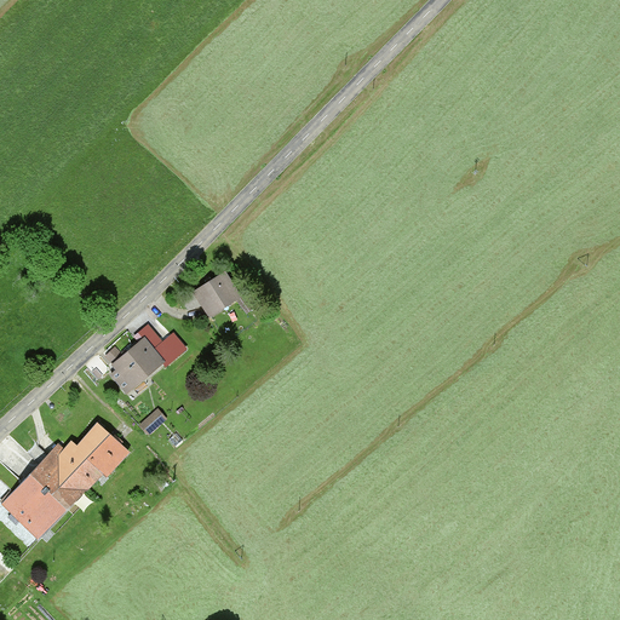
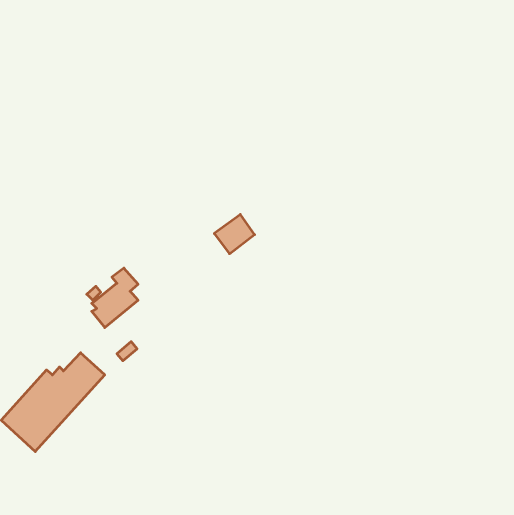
building: [193,272,241,320] -> [214,214,255,254]

